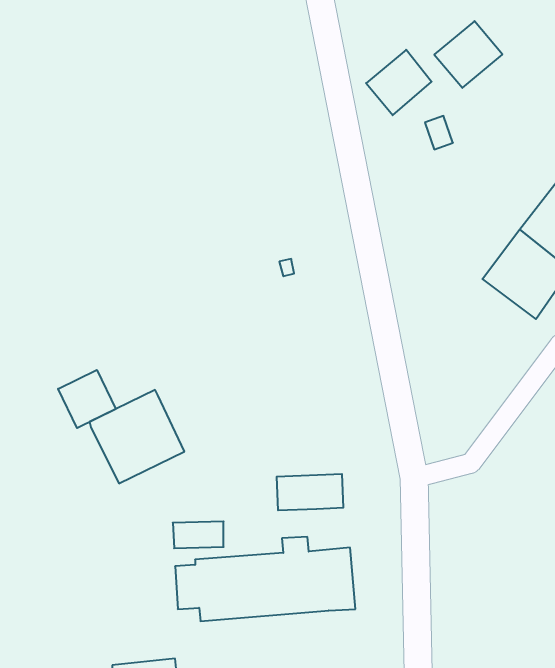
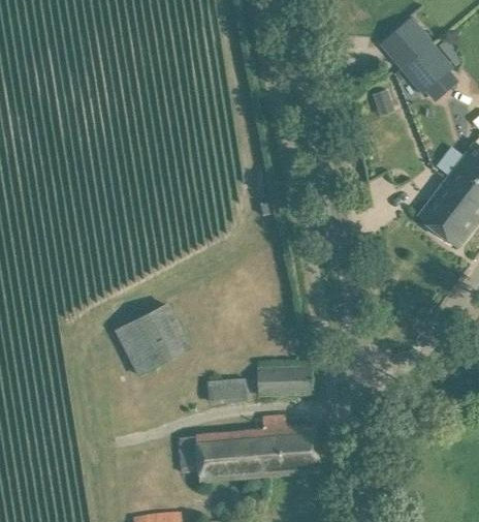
building: [366,50,432,115] -> [403,43,453,94]
building: [58,370,116,428] -> none
building: [173,521,224,548] -> [209,377,248,398]

